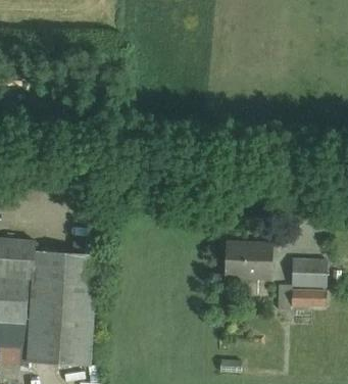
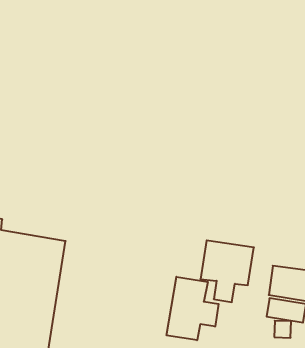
building: none -> [167,277,219,340]

